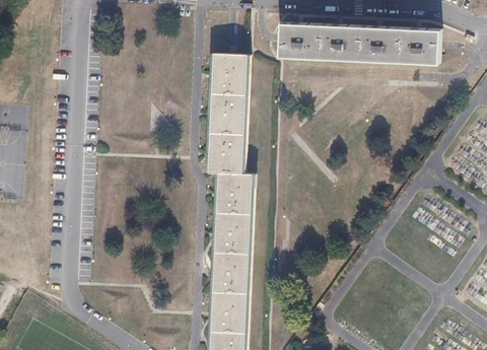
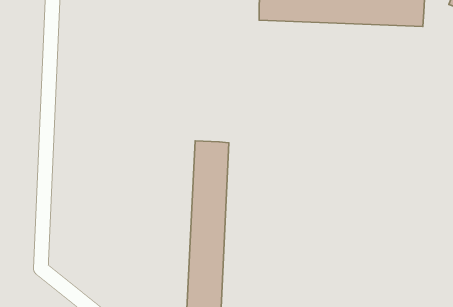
building: [209,54,247,173] -> none

